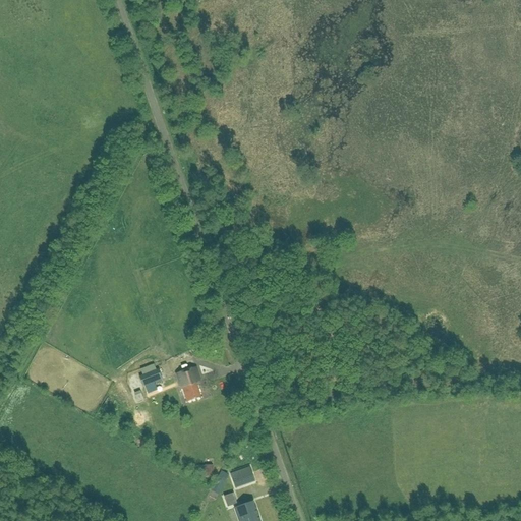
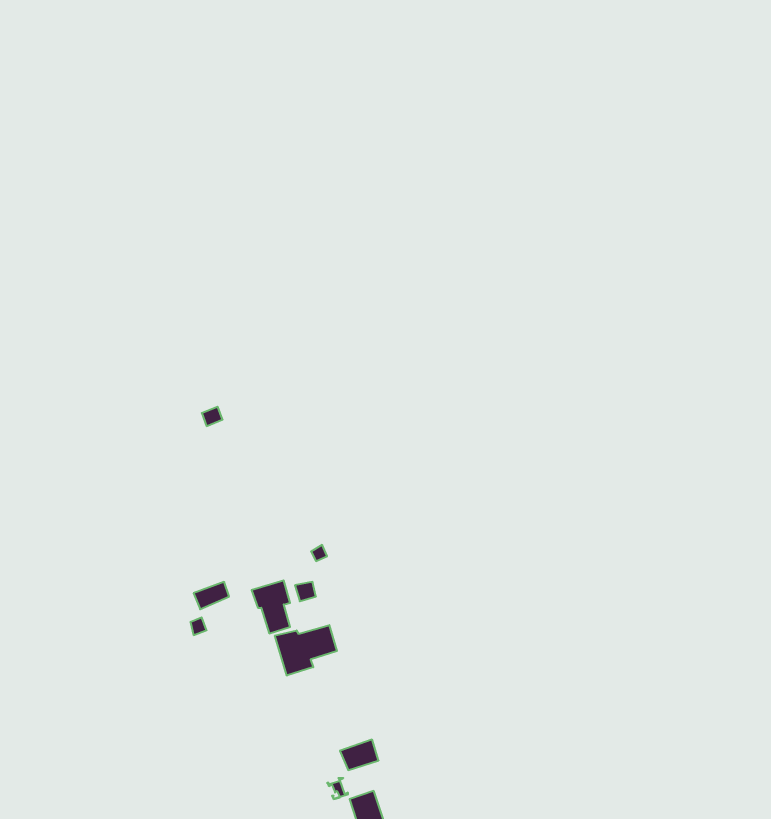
building: none -> [275,625,337,676]

